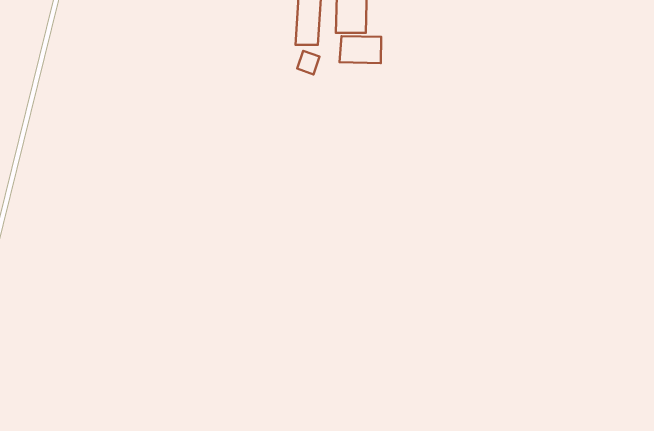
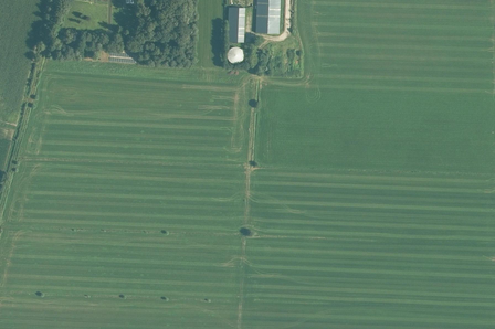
building: [340,36,381,63] -> none

